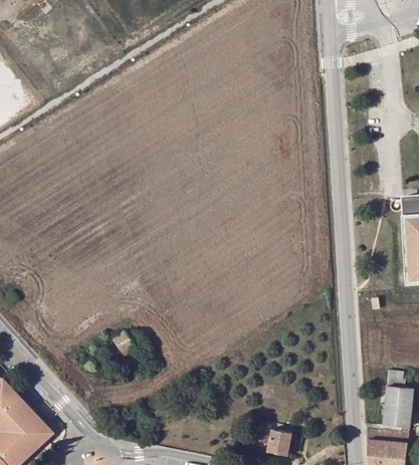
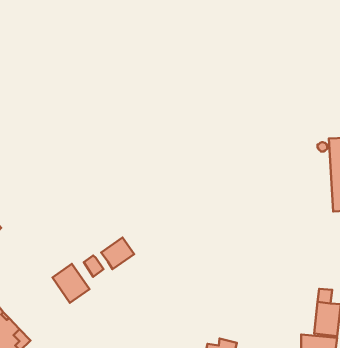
building: none -> [101,237,134,269]
building: none -> [52,264,90,303]

